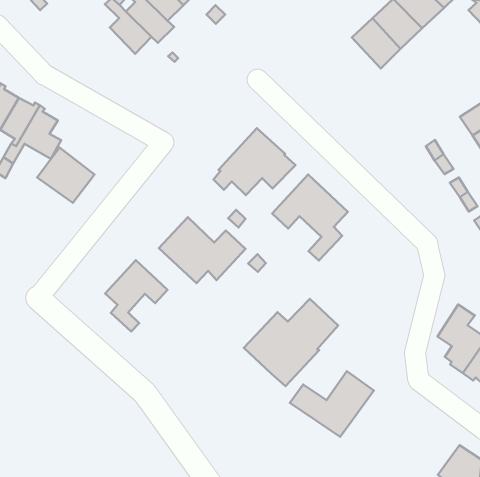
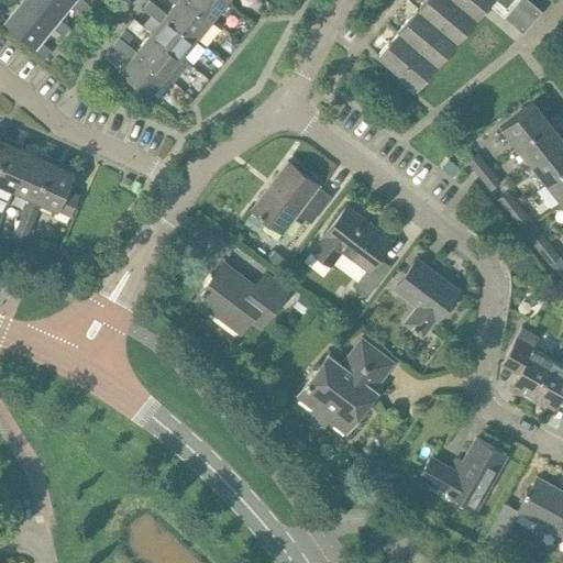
building: [37,147,94,203] -> none
building: none -> [395,261,460,339]
building: [105,260,167,332] -> none
building: [290,371,374,437] -> [419,440,507,510]

